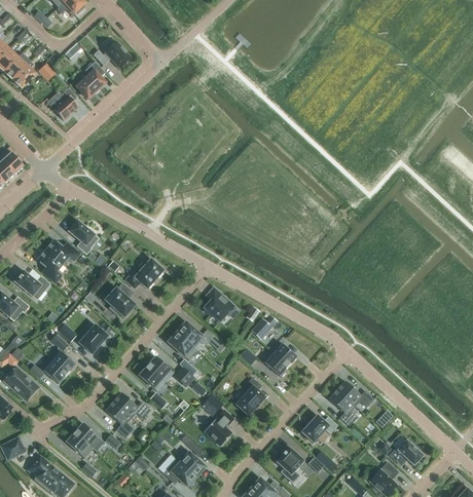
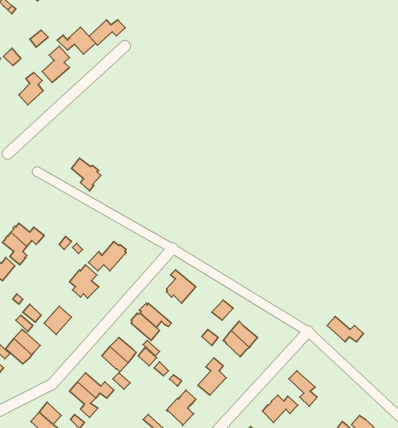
building: none -> [89,20,125,45]
building: [68,221,98,254] -> [71,158,101,191]
building: [336,381,373,407] -> [327,316,363,342]

